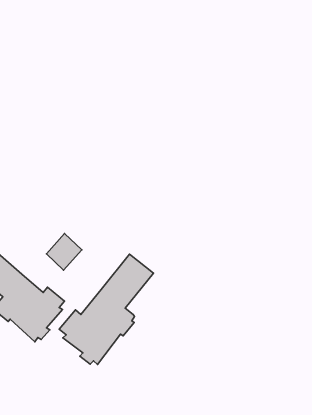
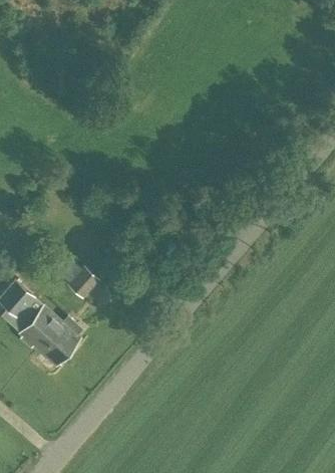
building: [59,254,153,365] -> none

